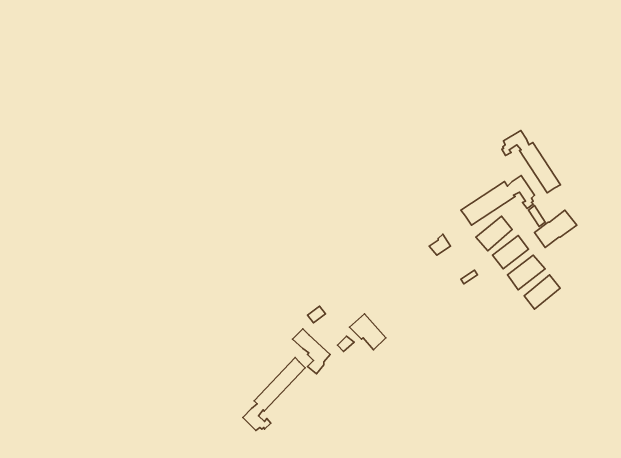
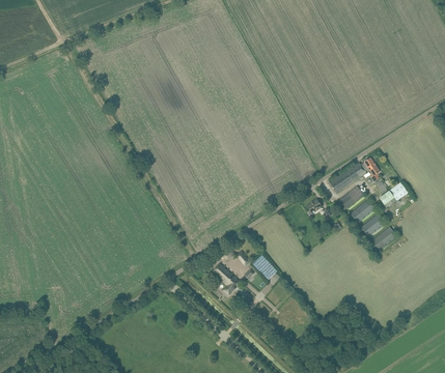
building: [502,130,561,193] -> none
building: [243,358,305,431] -> none

